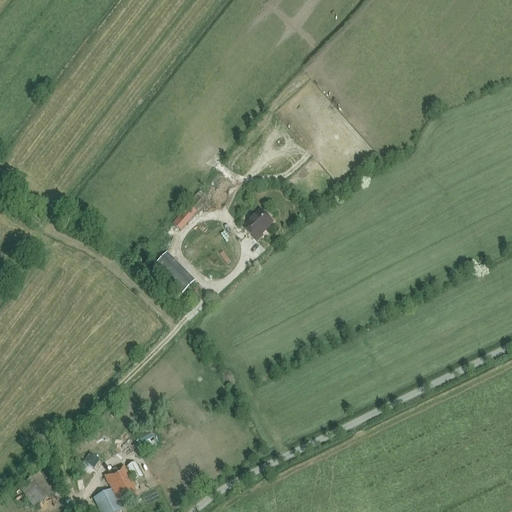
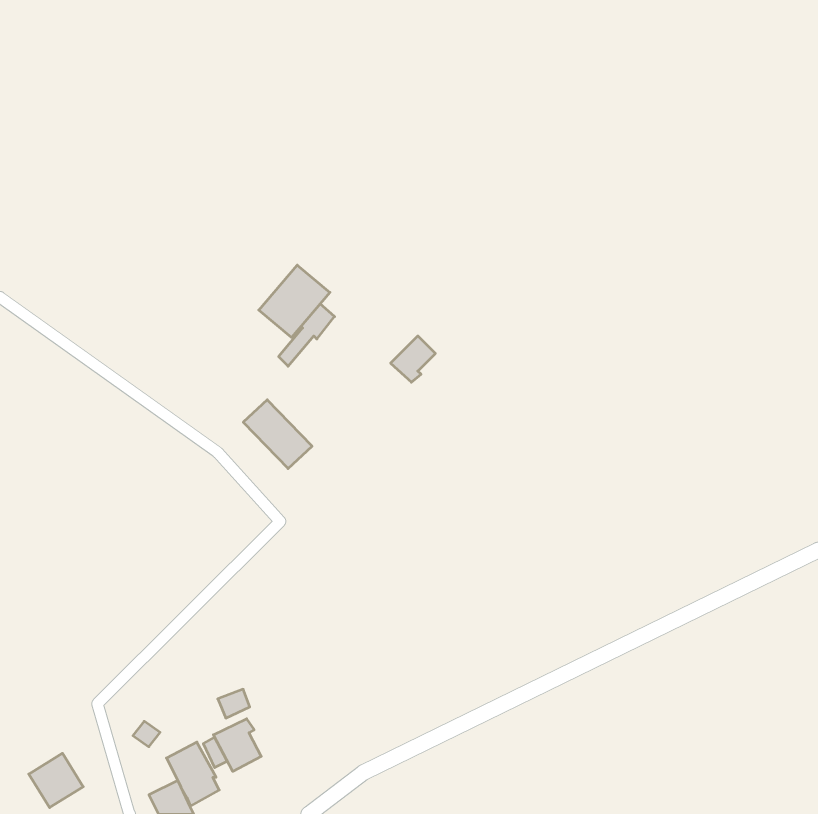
building: none -> [259,265,330,337]
building: none -> [213,719,261,771]

